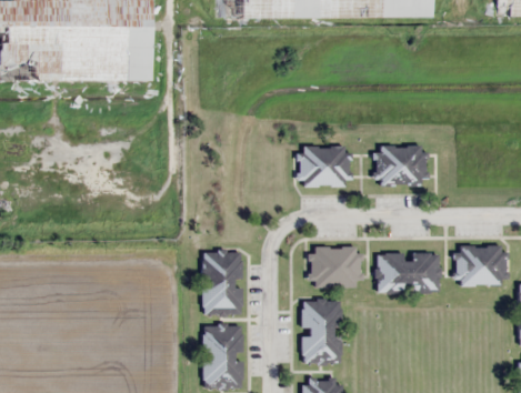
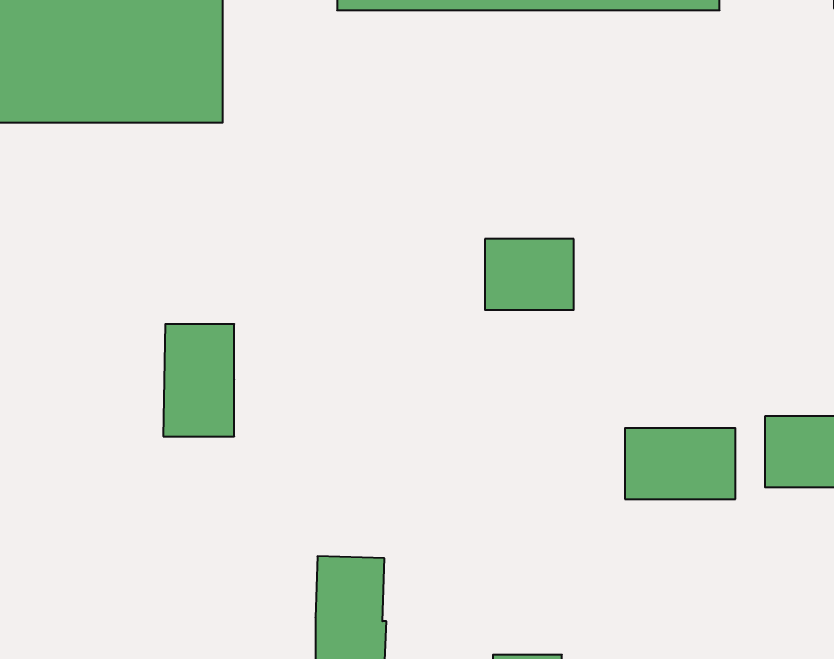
building: [378,144,427,185] -> none
building: [310,246,360,286] -> none
building: [203,251,243,314] -> [163,324,234,436]
building: [303,299,343,363] -> none

